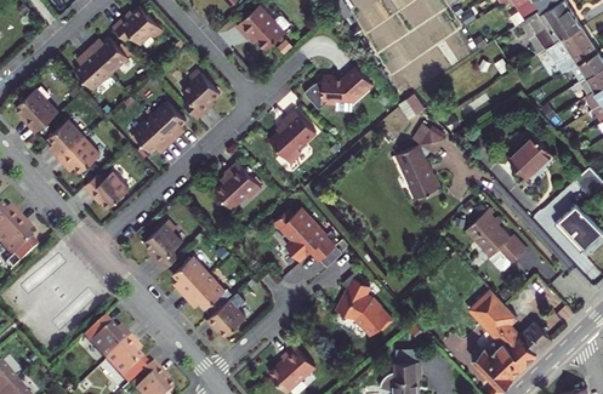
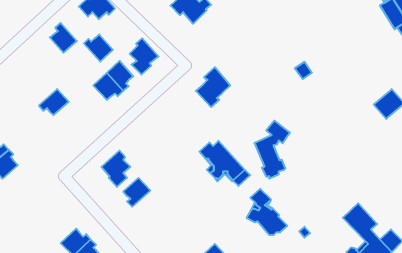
building: [90,36,129,73] -> [84,34,113,62]
building: [305,65,374,112] -> none
building: [16,87,59,132] -> none
building: [49,119,85,159] -> none
building: [396,122,443,200] -> [254,121,290,179]
building: [215,161,262,209] -> none
building: [85,171,130,209] -> none
building: [463,210,523,272] -> none
building: [186,273,226,309] -> none
building: [207,298,246,336] -> none

